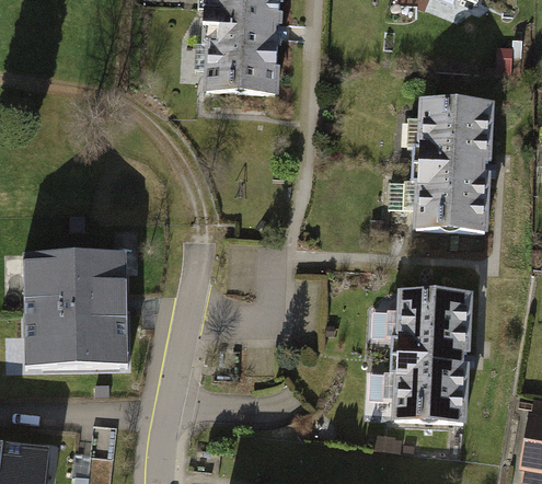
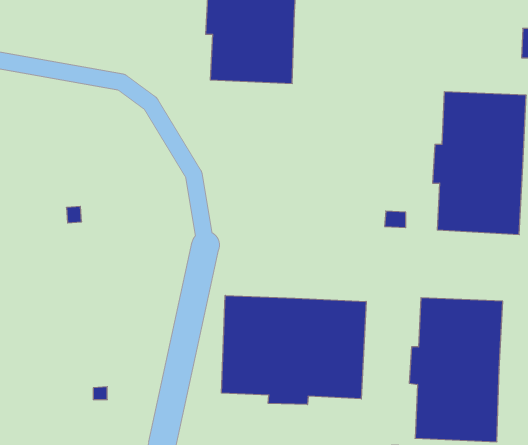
building: [22,246,126,360] -> none
building: none -> [222,295,366,405]

